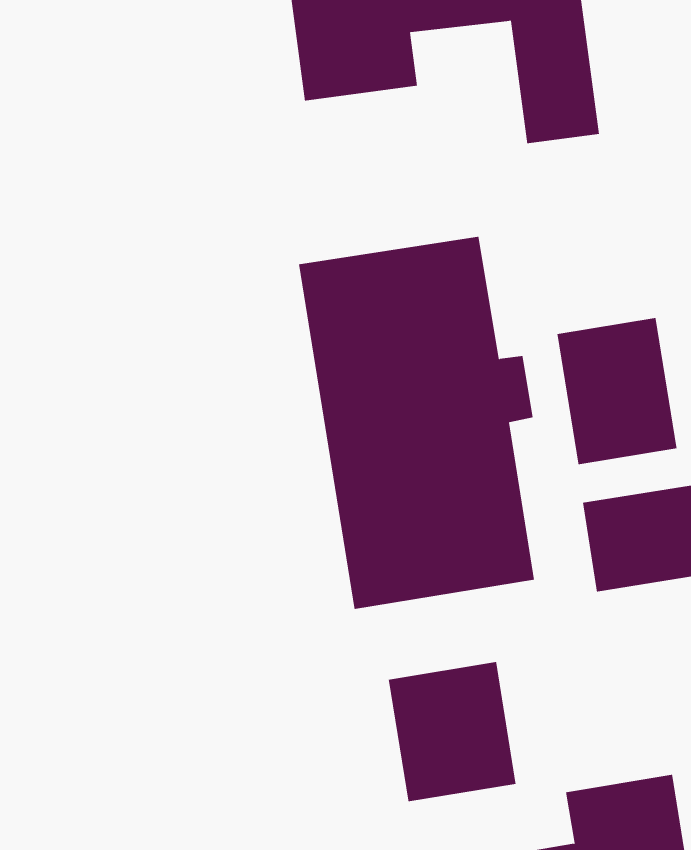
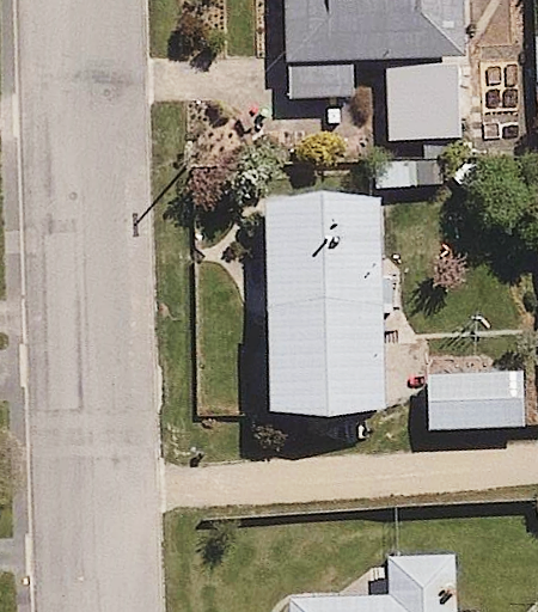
building: [557,317,677,465] -> none
building: [388,661,516,802] -> none

